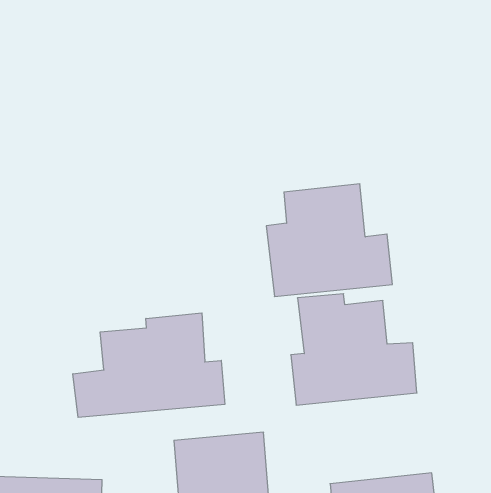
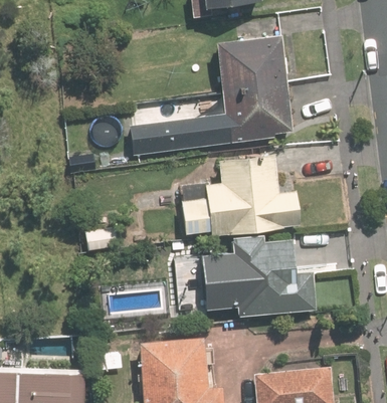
building: none -> [129,34,293,156]
building: [73,313,225,417] -> none

